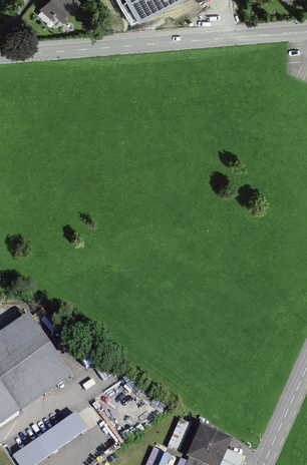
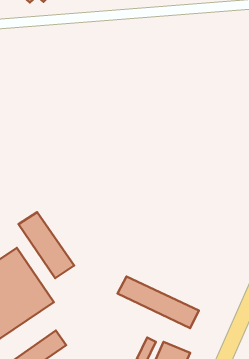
building: none -> [19,212,74,278]
building: none -> [118,277,199,328]

